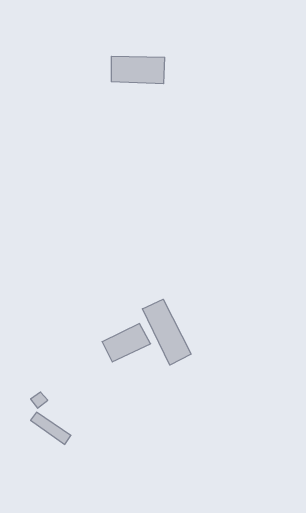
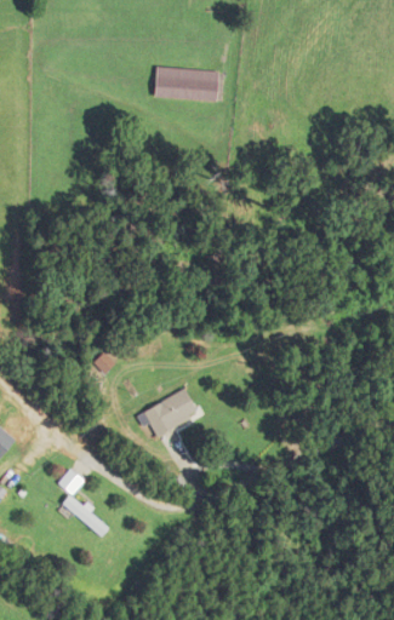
building: [142,299,191,365] -> none

